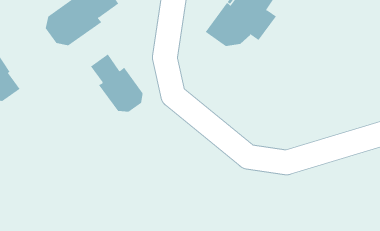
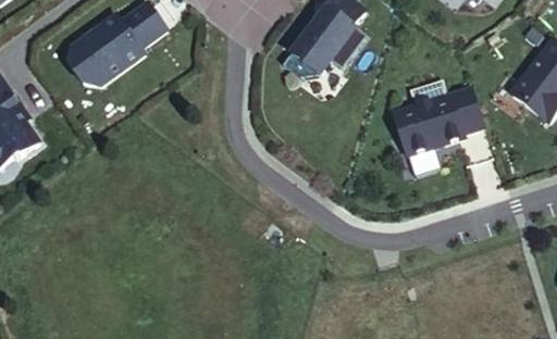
building: none -> [393,87,484,154]
building: [90,53,143,113] -> none

